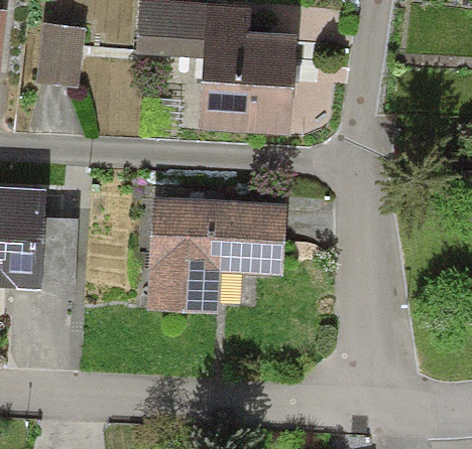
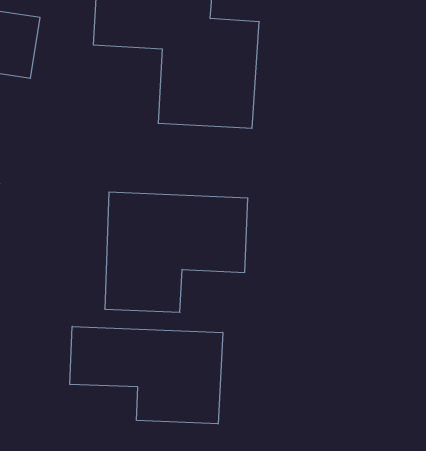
building: none -> [70,326,223,424]

